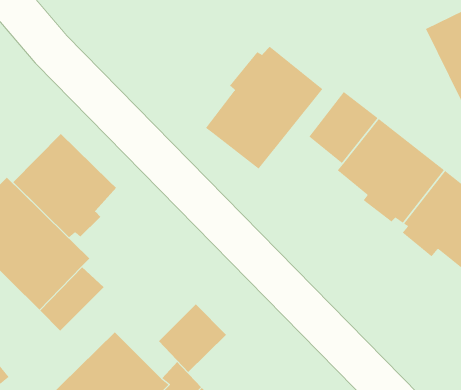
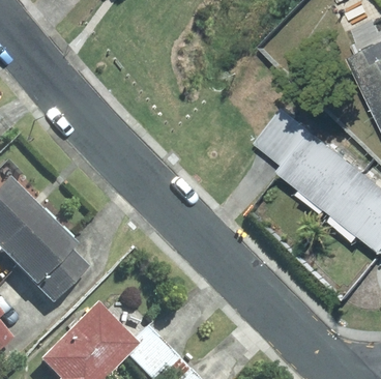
building: [205,46,323,170] -> none
building: [13,133,117,238] -> none
building: [158,304,227,373] -> none

